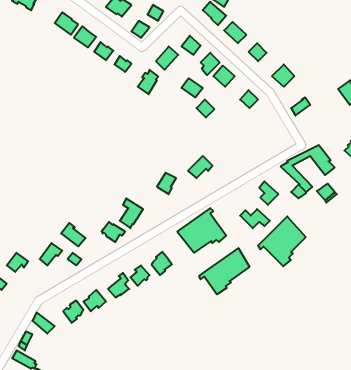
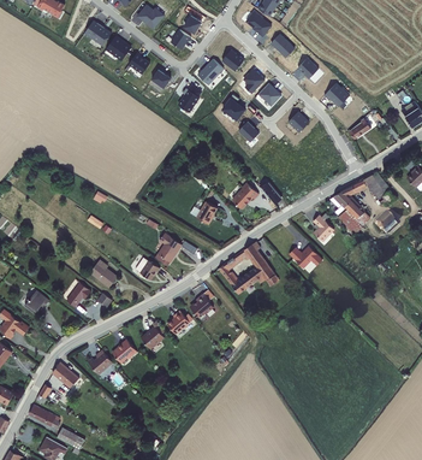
building: [258,216,306,266] -> none
building: [199,248,249,294] -> none

